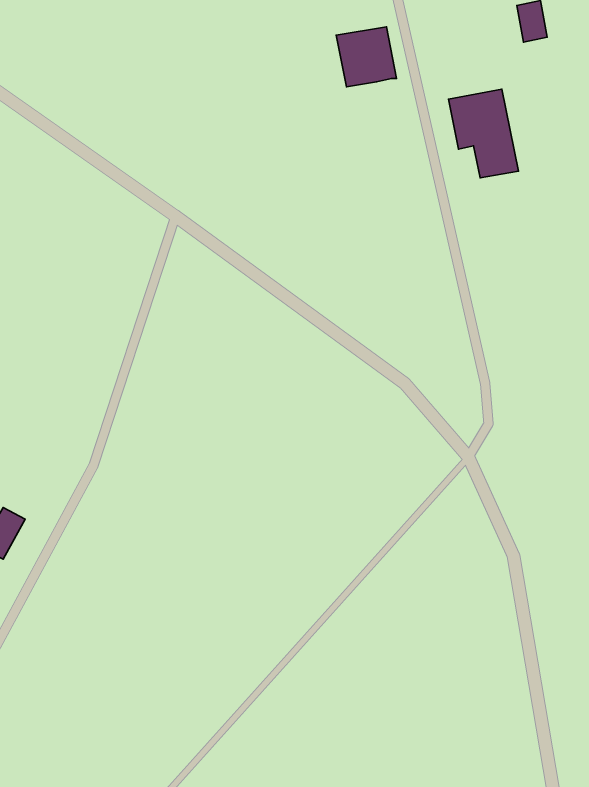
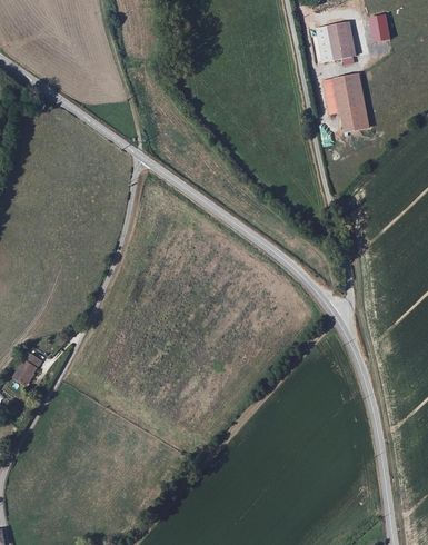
building: [336,27,397,87] -> [316,21,356,61]

